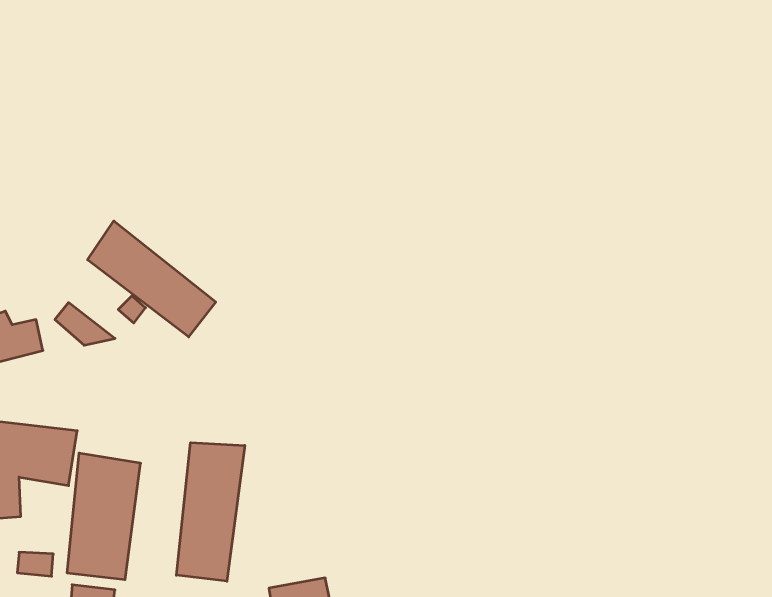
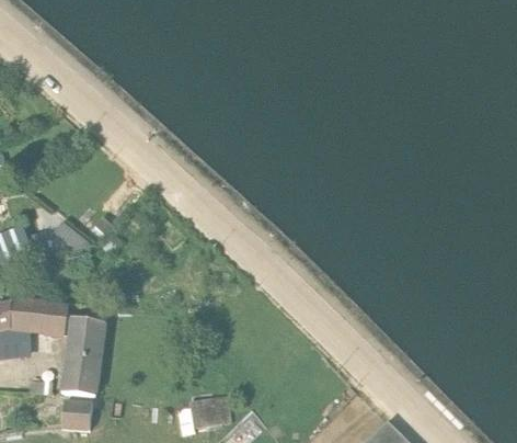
building: [88,221,216,337] -> none
building: [176,443,245,581] -> none

